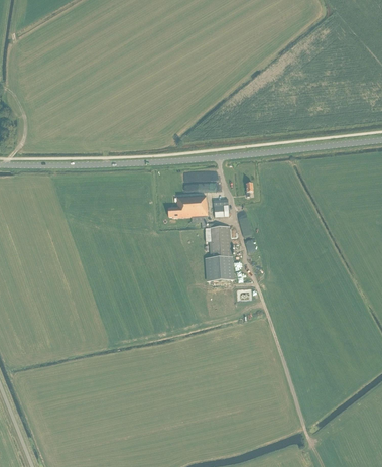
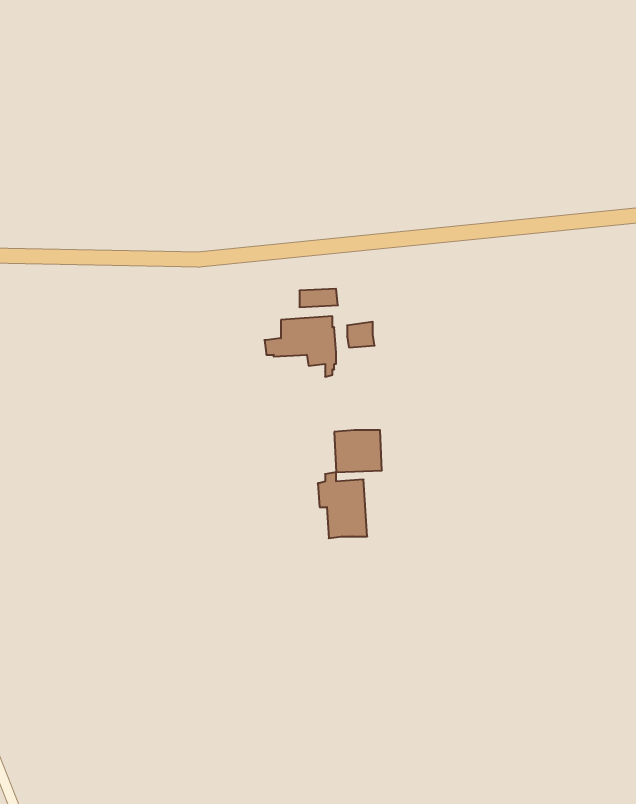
building: [204,221,231,257] -> [318,472,367,538]

